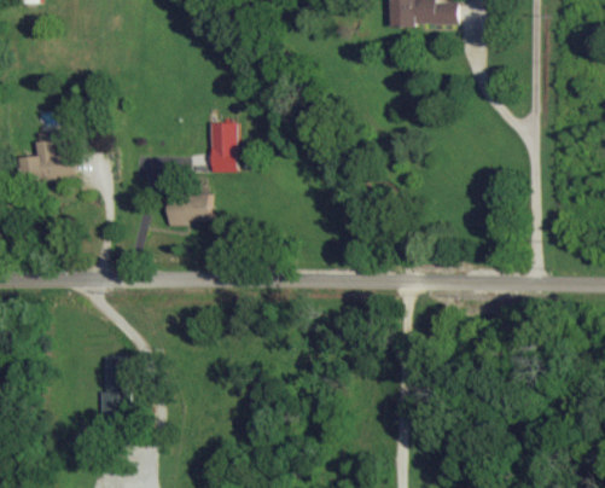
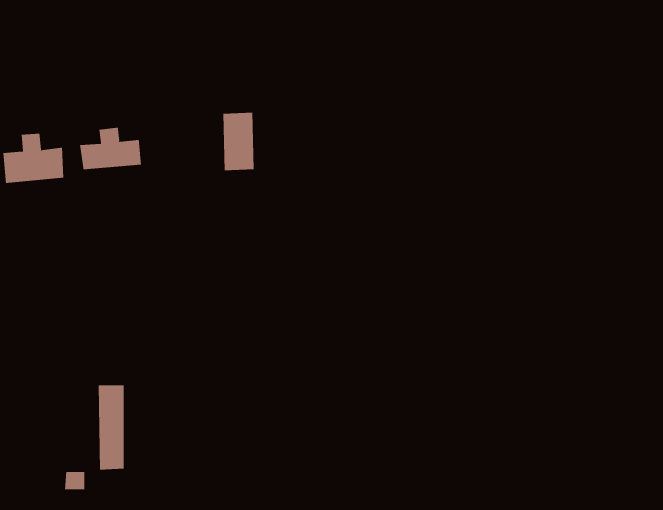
building: none -> [79,127,141,170]
building: [167,192,210,226] -> none

